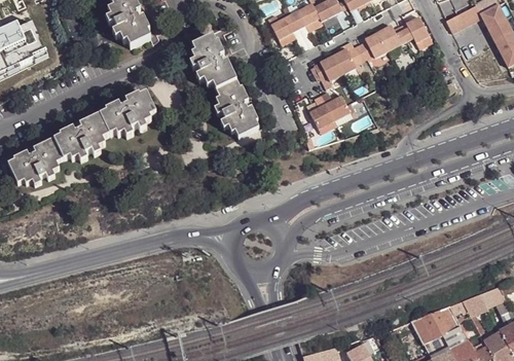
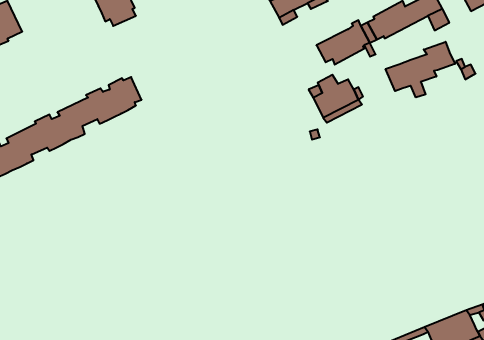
building: [190,35,256,137] -> none
building: none -> [386,42,455,97]

